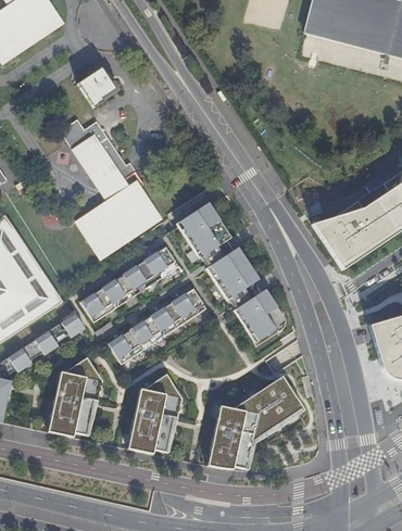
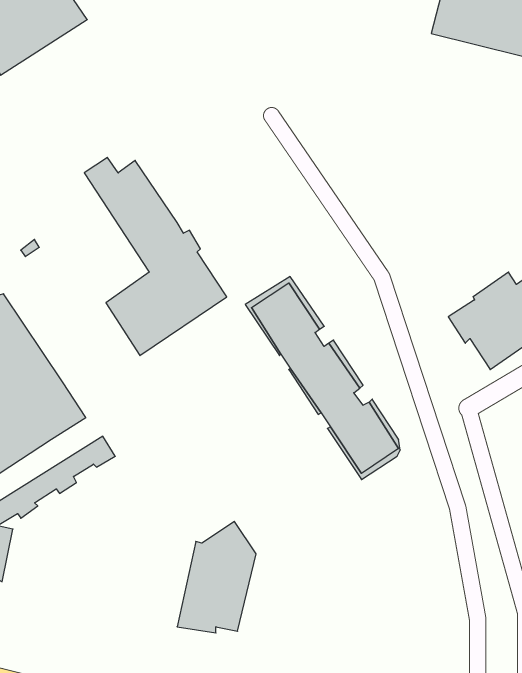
building: [77,66,115,106] -> none
building: [79,246,177,323] -> none
building: [108,288,205,364] -> none
building: [48,357,101,435] -> none
building: [208,374,304,469] -> none

